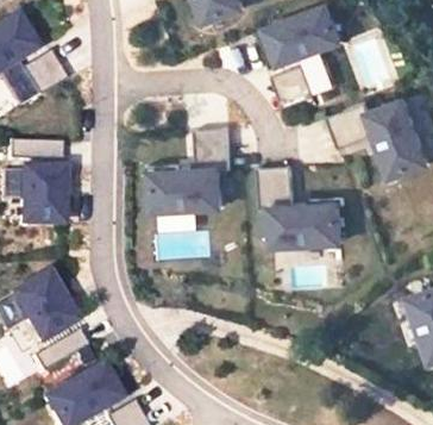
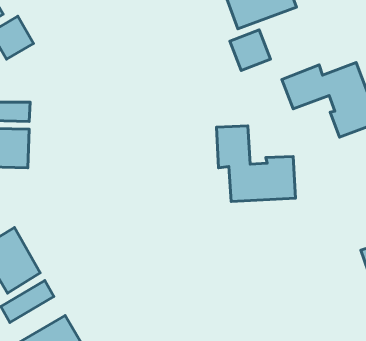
building: [151,127,230,211] -> none

